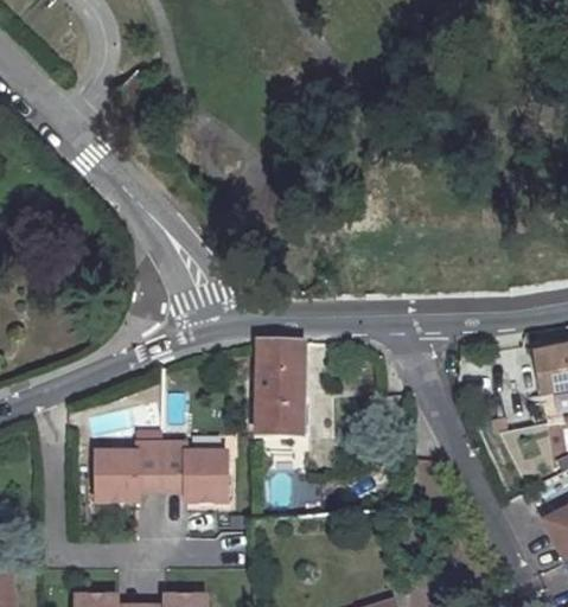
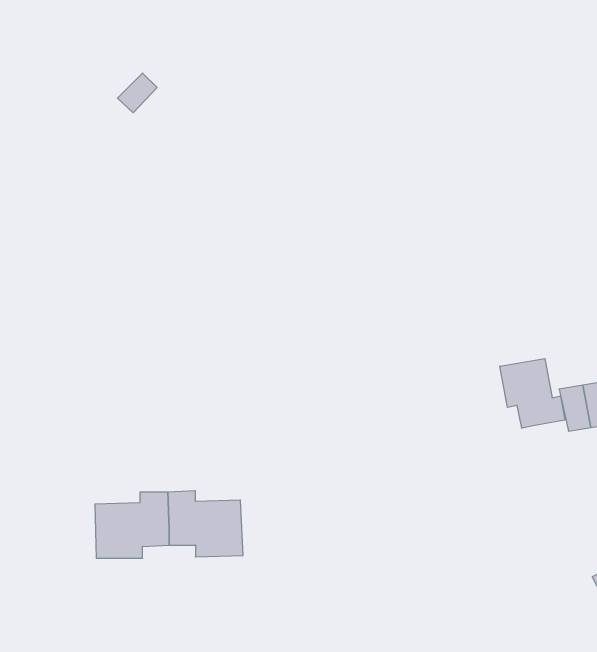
building: none -> [500,359,565,428]
building: [256,338,304,439] -> none

